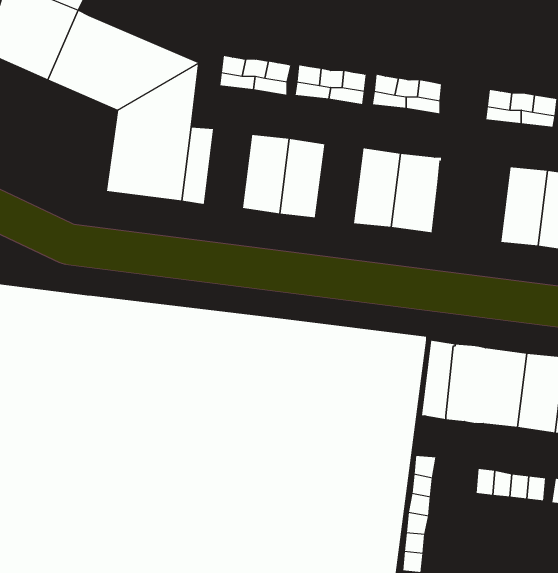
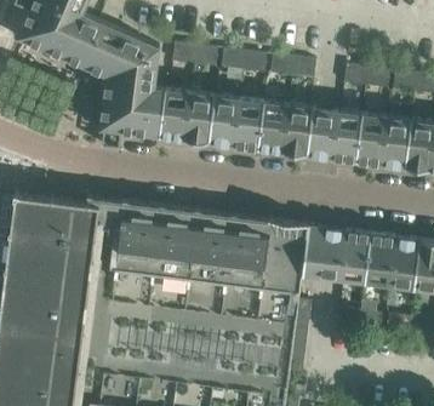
building: none -> [162,90,193,141]
building: none -> [234,99,264,150]
building: none -> [309,108,359,162]

